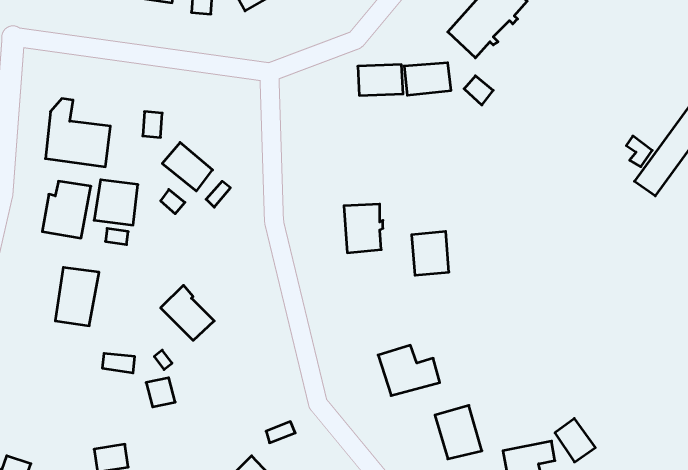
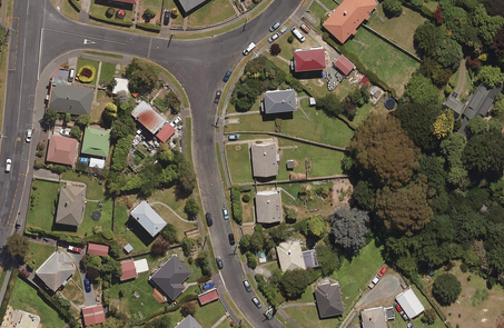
building: [358,65,403,95] -> [264,87,295,108]
building: [412,231,449,275] -> [256,190,281,220]
building: none -> [34,251,75,291]
building: none -> [148,255,190,299]

